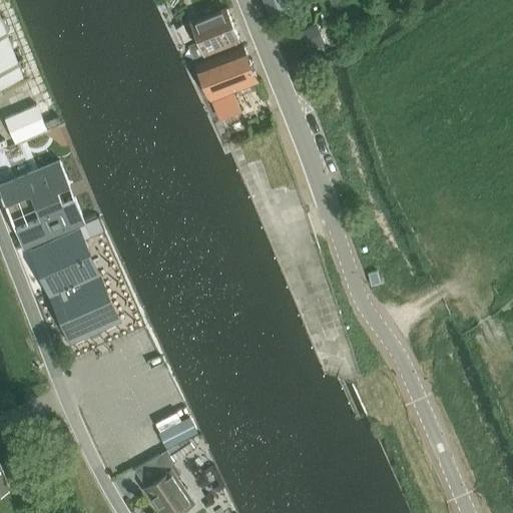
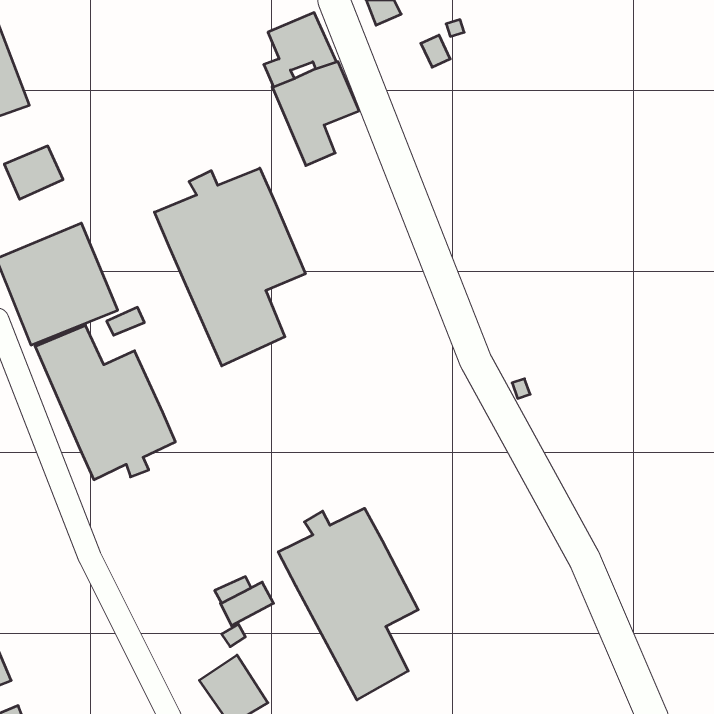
building: none -> [154,168,305,366]
building: none -> [278,508,418,700]

